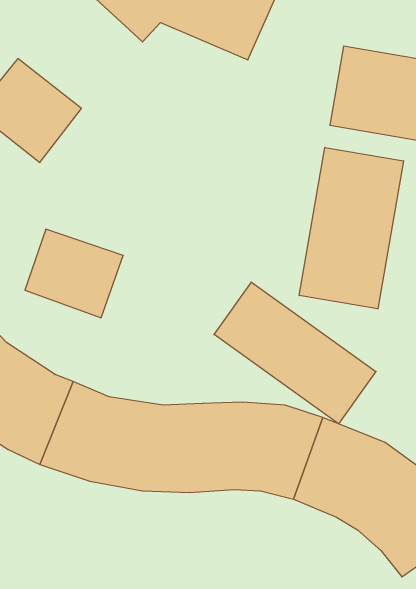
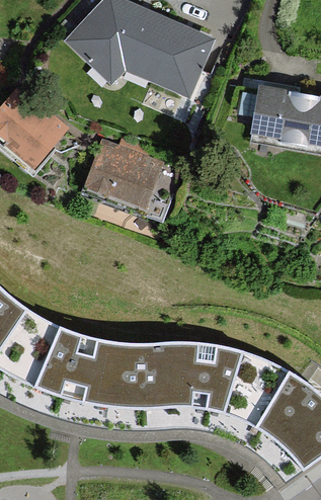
building: [299,147,403,309] -> none
building: [25,229,123,318] -> [89,142,161,206]
building: [214,282,376,424] -> none

